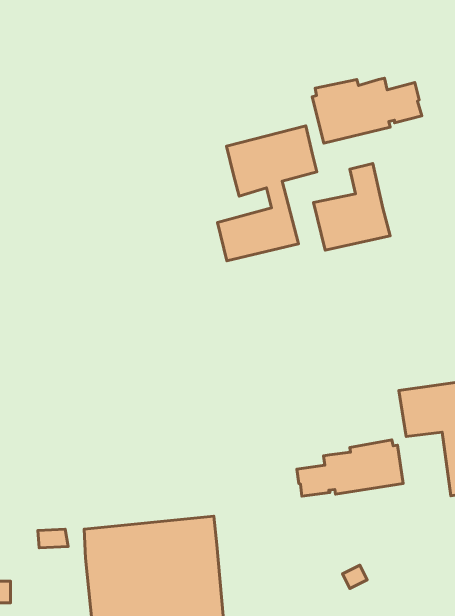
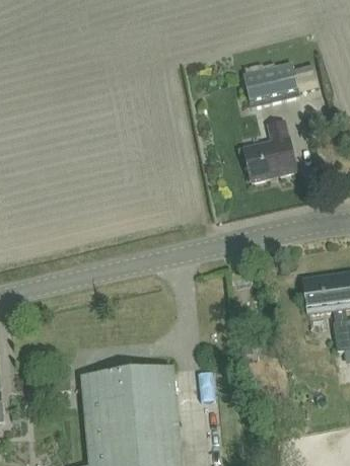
building: [217,126,317,261] -> none
building: [297,440,403,496] -> none

